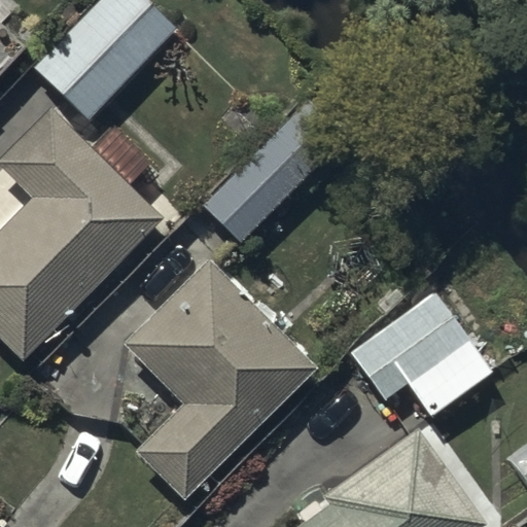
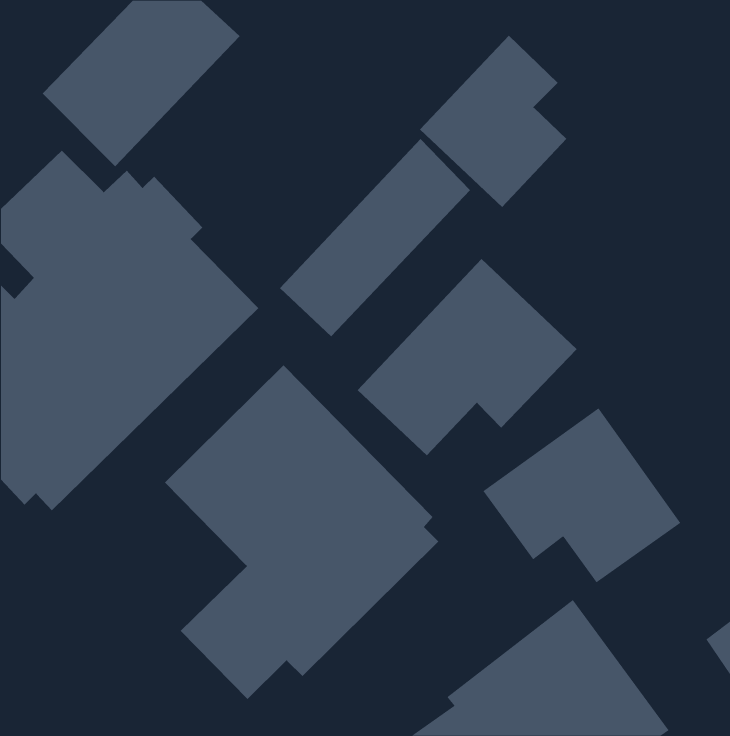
building: none -> [419,35,567,208]
building: none -> [357,258,577,456]

